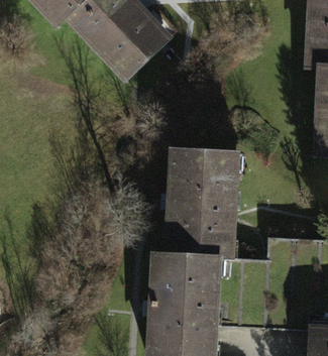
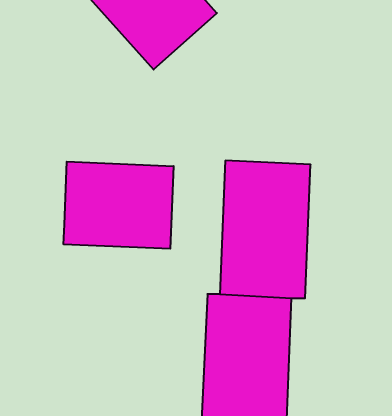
building: none -> [64,162,174,249]

